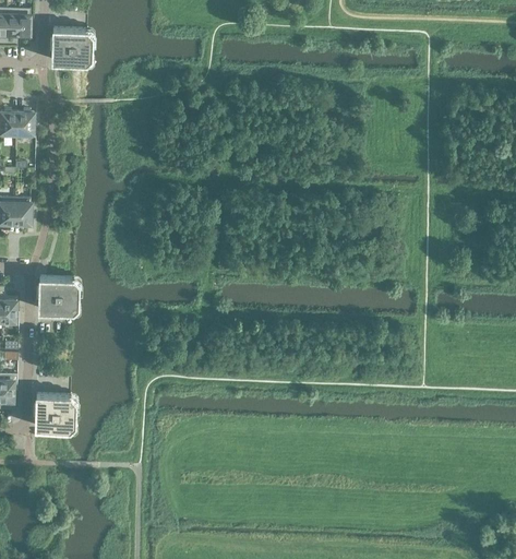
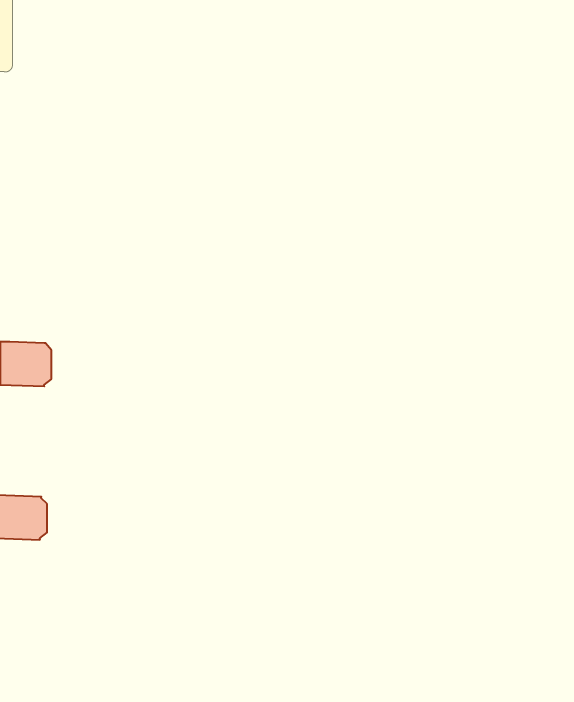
building: [51,28,91,62] -> none

